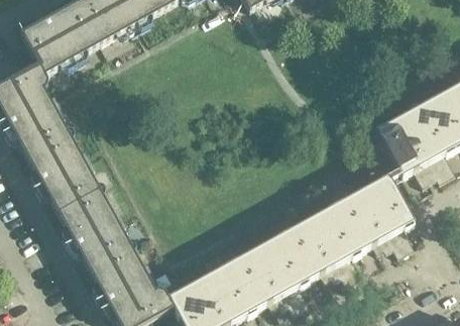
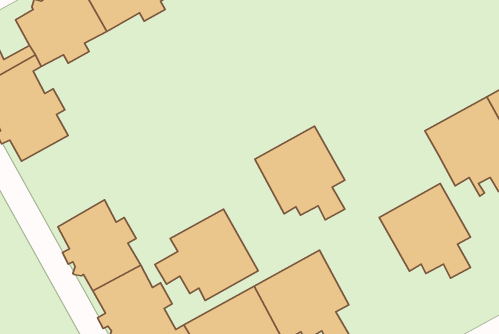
building: [27,132,99,211] -> none
building: none -> [155,209,258,300]
building: [284,203,362,284] -> [255,126,345,220]

